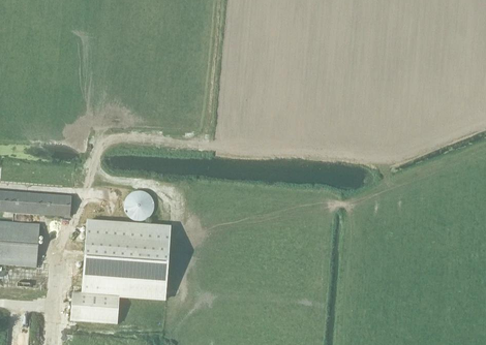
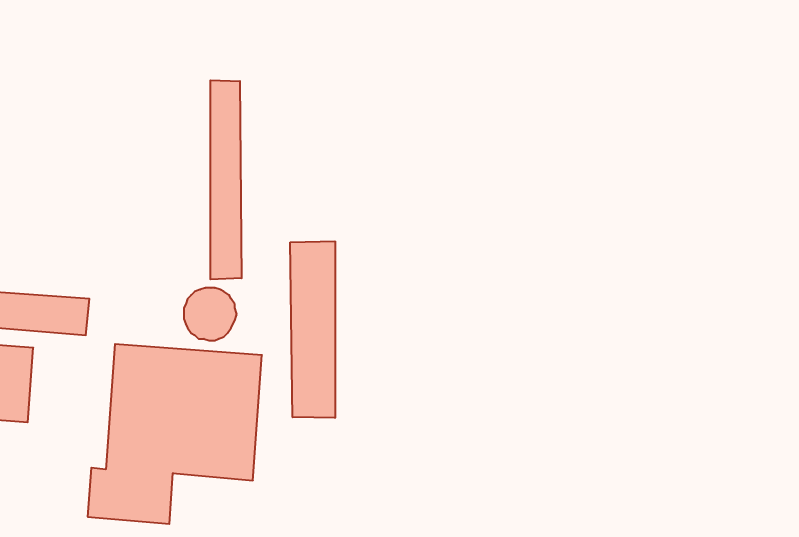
building: none -> [210,80,242,279]
building: none -> [290,241,335,418]

